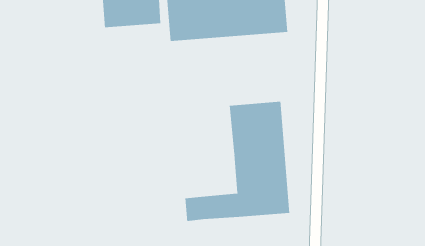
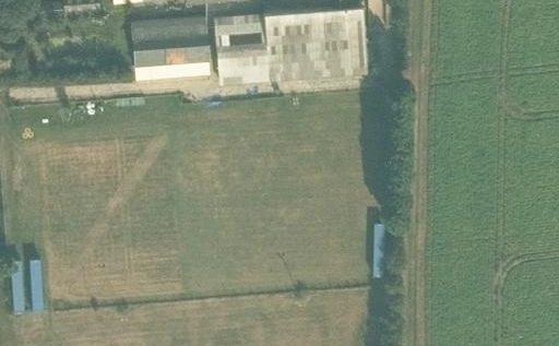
building: [185,101,290,222] -> none

